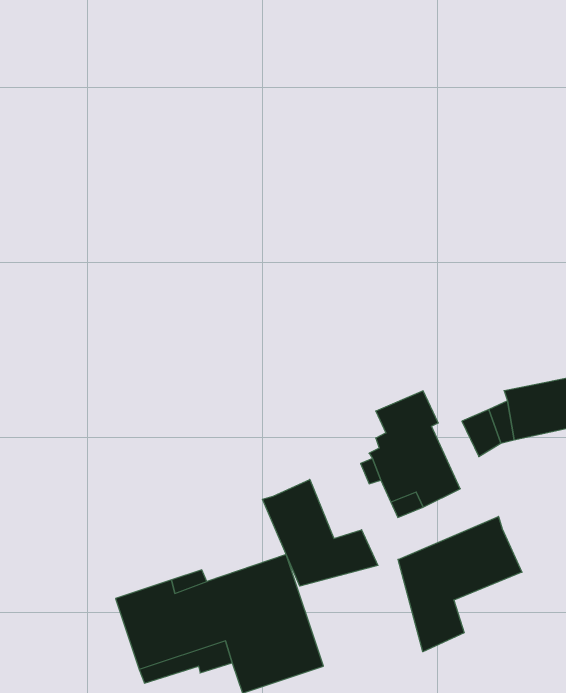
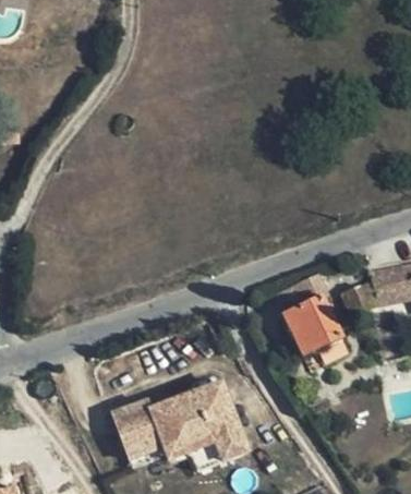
building: [263,479,378,586] -> none
building: [398,516,522,652] -> none

